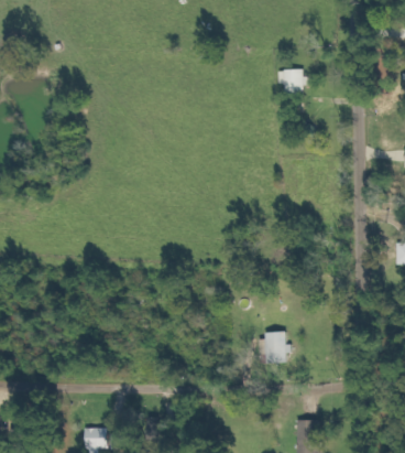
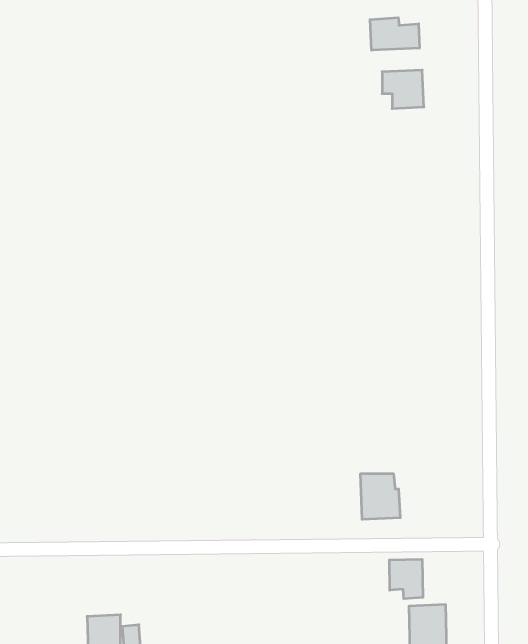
building: none -> [370,18,419,50]
building: none -> [389,559,423,599]

